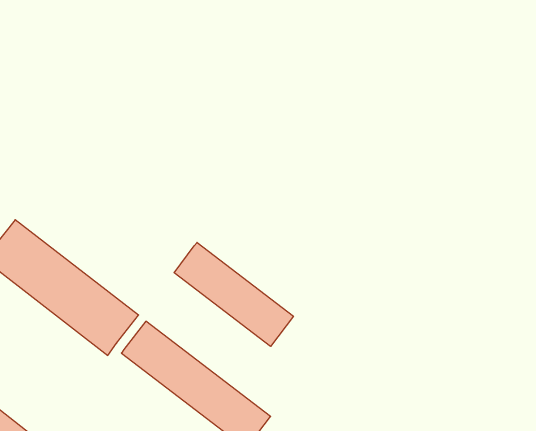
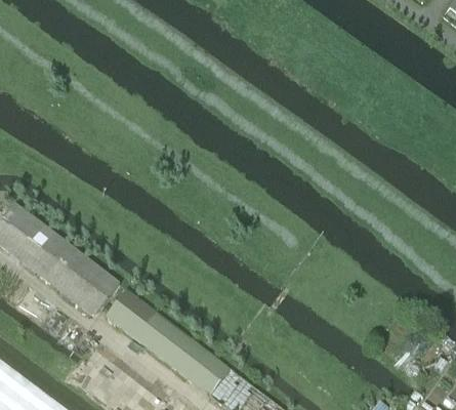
building: [174,242,293,346] -> none

